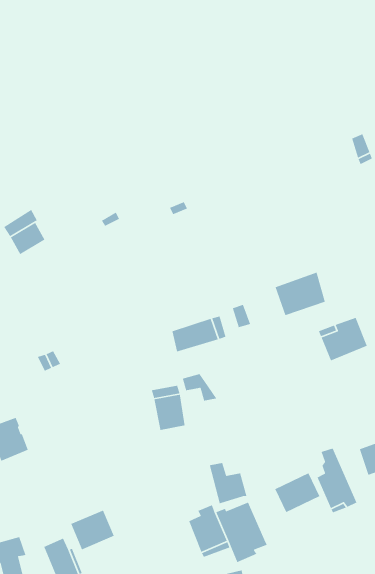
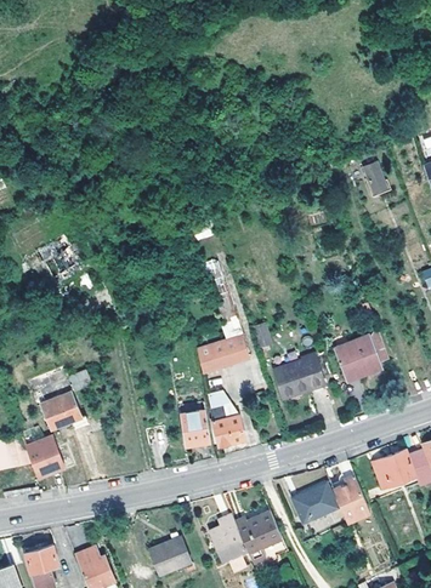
building: [275,271,326,316] -> [274,356,323,399]
building: none -> [41,392,84,428]
building: [209,462,247,505] -> [209,405,245,445]
building: [70,509,115,550] -> [148,536,191,575]

